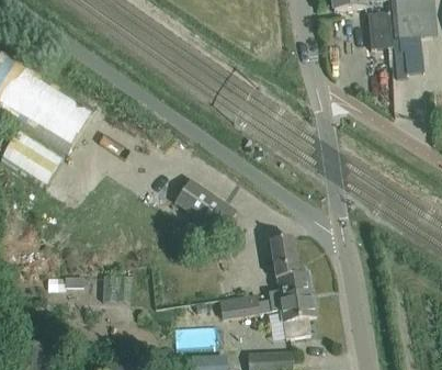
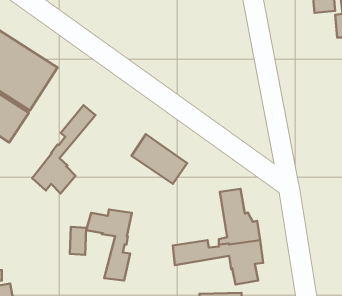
building: none -> [32,105,95,193]
building: none -> [86,210,132,280]

